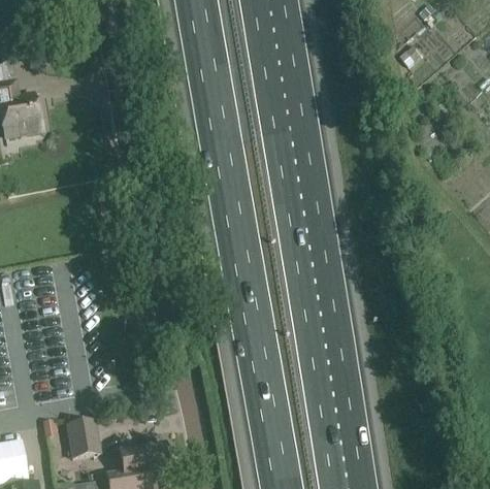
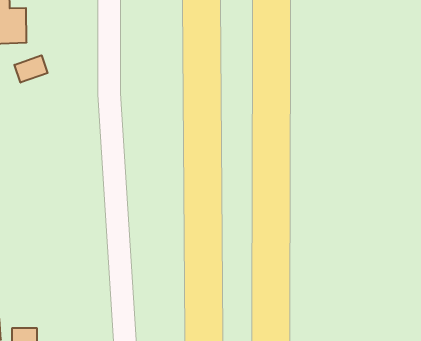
building: none -> [14,55,48,83]

